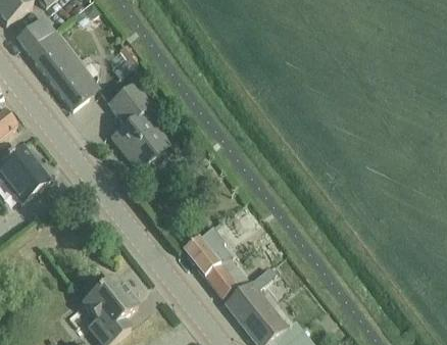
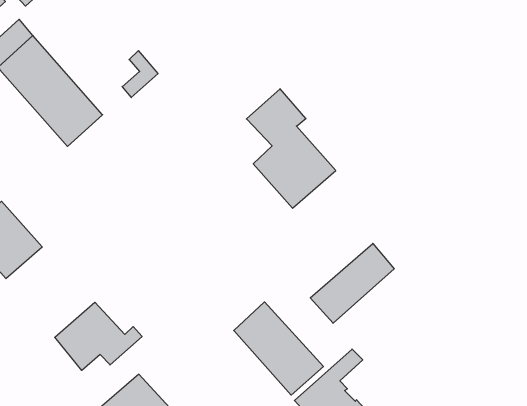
building: [108,84,170,170] -> [246,89,336,208]
building: none -> [310,243,394,323]
building: none -> [55,302,142,370]

